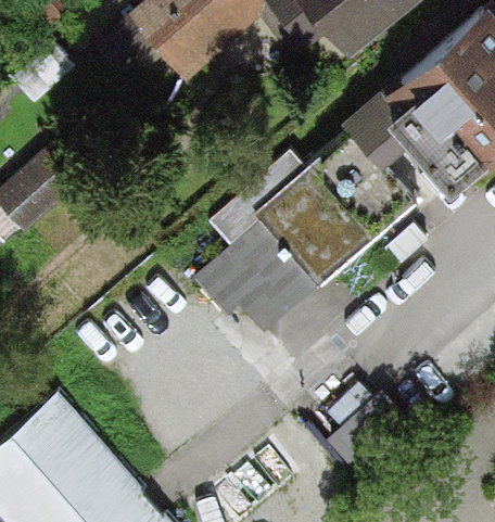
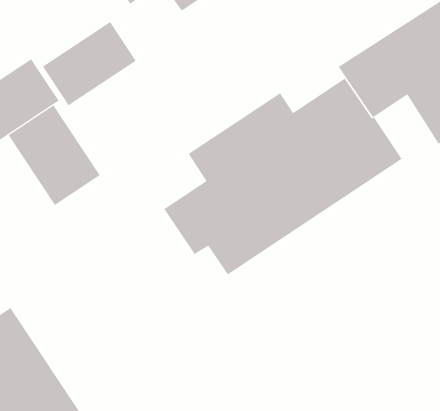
building: none -> [42,21,137,106]
building: none -> [8,104,101,206]

